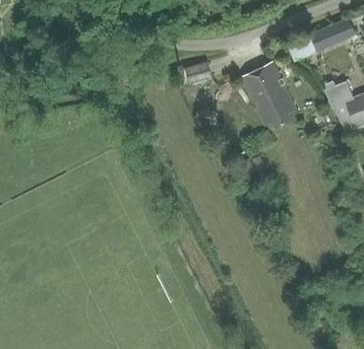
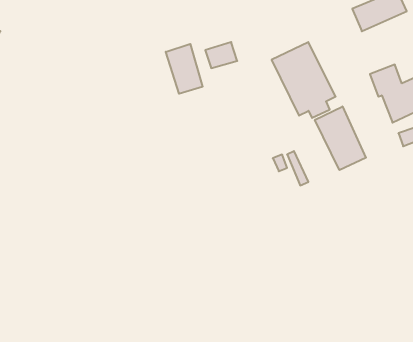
building: none -> [166,44,203,94]
building: none -> [315,106,366,170]

